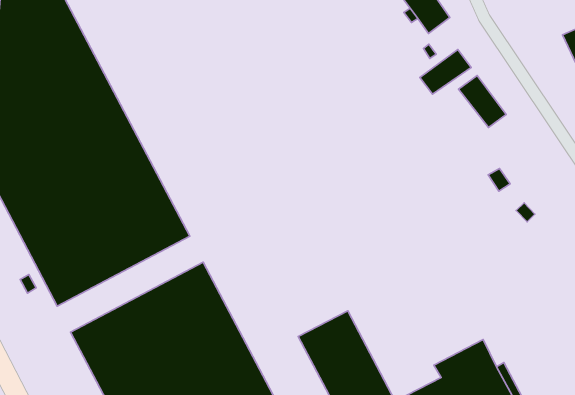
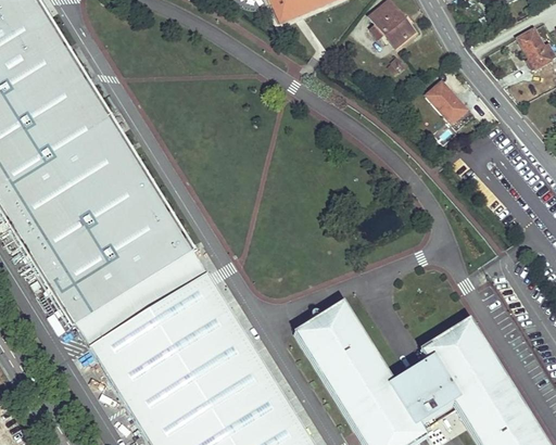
building: [420,49,471,94] -> none
building: none -> [75,250,205,346]

